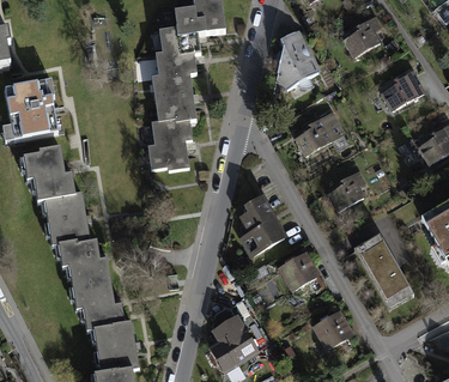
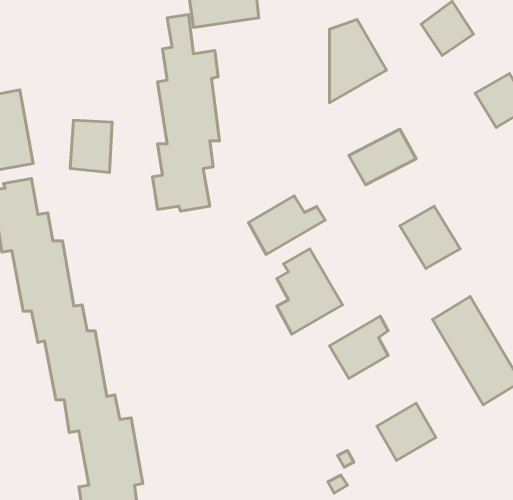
building: none -> [70,120,112,172]
building: none -> [248,196,325,254]
building: [210,308,259,374] -> none

